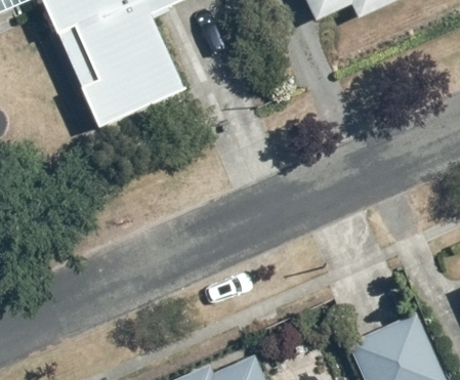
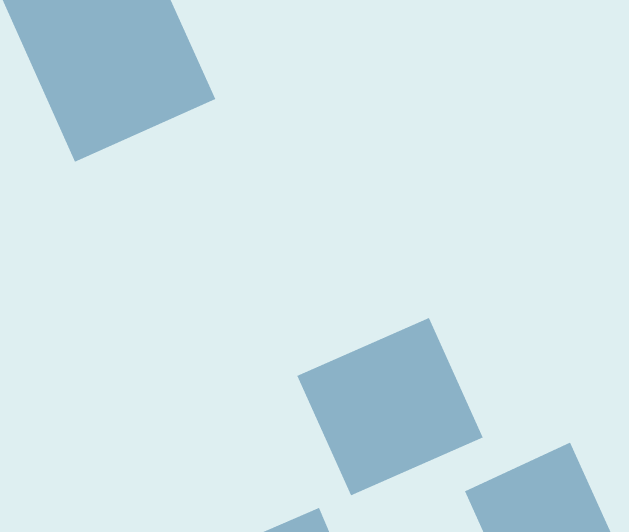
building: none -> [296,317,483,496]

